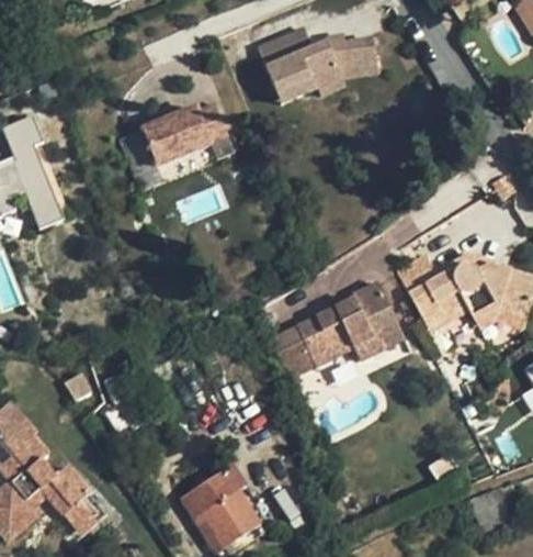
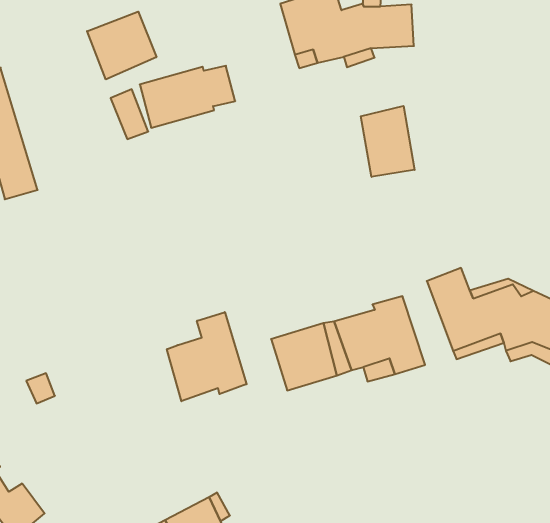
building: none -> [87,12,156,79]
building: none -> [361,106,415,177]
building: none -> [167,312,247,401]

